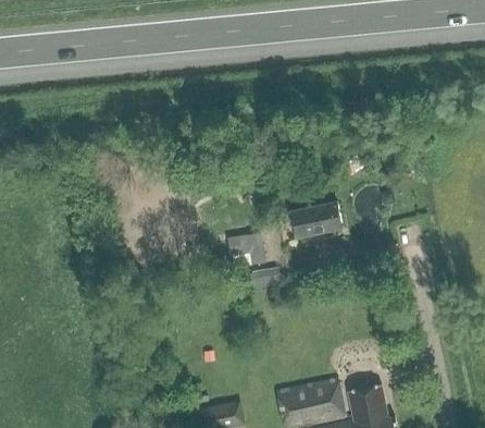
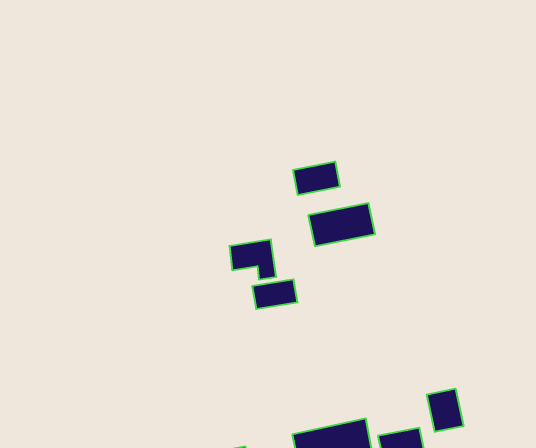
building: none -> [293,161,340,195]
building: none -> [427,389,463,432]

